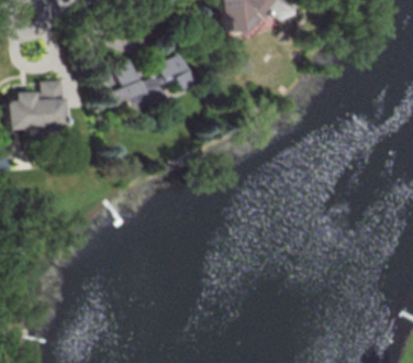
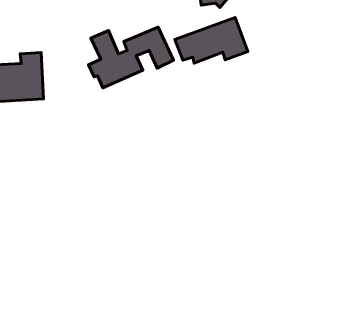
building: none -> [175,18,248,63]

